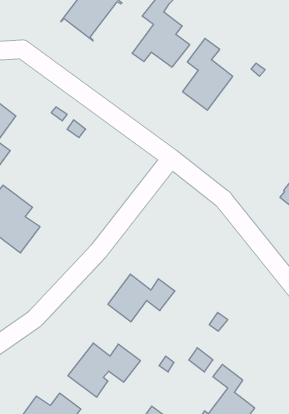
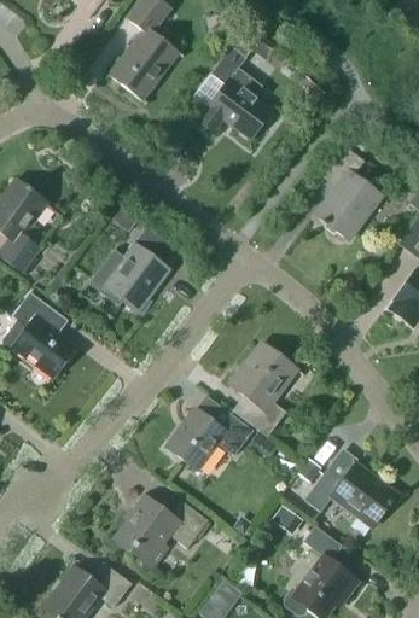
building: [183,38,233,110] -> [316,146,382,239]
building: none -> [92,244,169,313]
building: none -> [231,342,297,436]
building: none -> [304,464,396,526]

